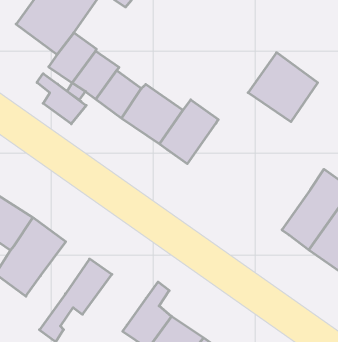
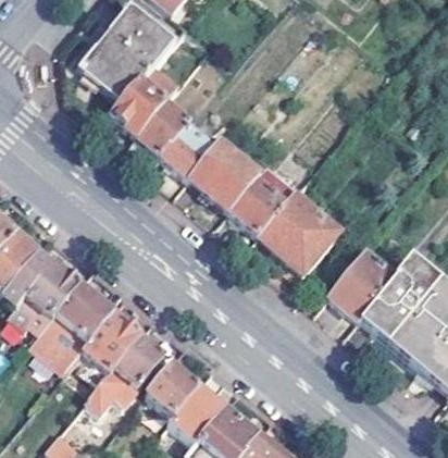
building: [248,53,318,122] -> [259,194,338,273]
building: [37,74,86,124] -> none
building: none -> [329,252,395,320]
building: none -> [83,312,139,371]
building: none -> [136,361,199,412]

